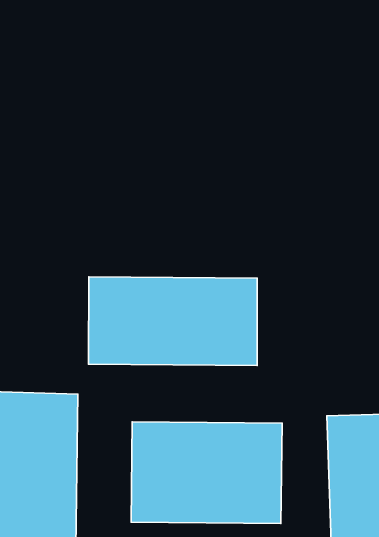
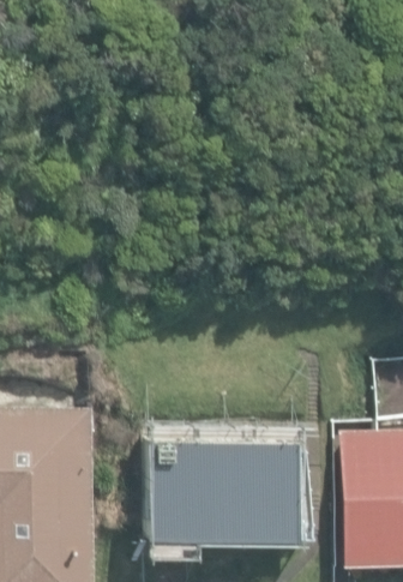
building: [89,277,257,366] -> none

